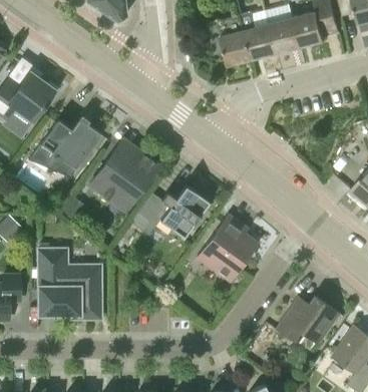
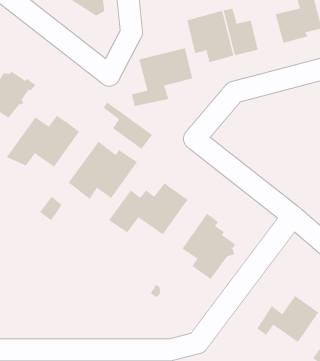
building: [271,18,302,54] -> none
building: none -> [131,48,193,107]
building: none -> [103,101,153,150]
building: [39,251,99,319] -> none

